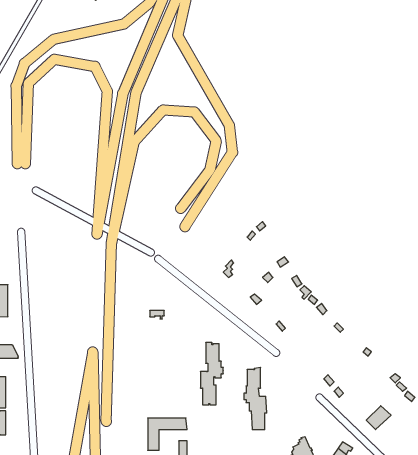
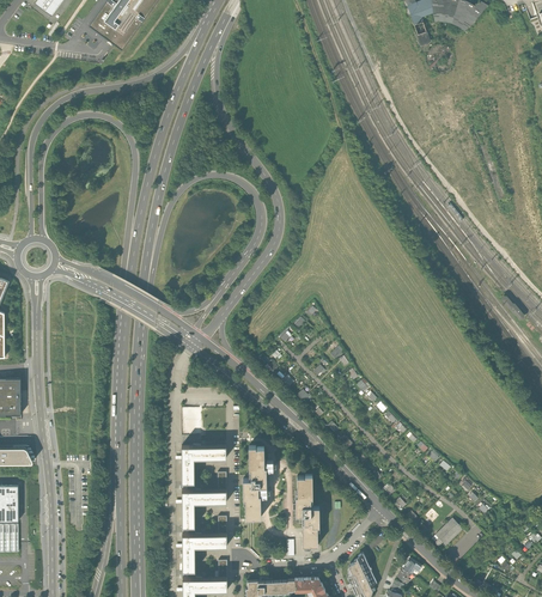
building: none -> [181,446,225,483]
building: none -> [181,491,225,528]

